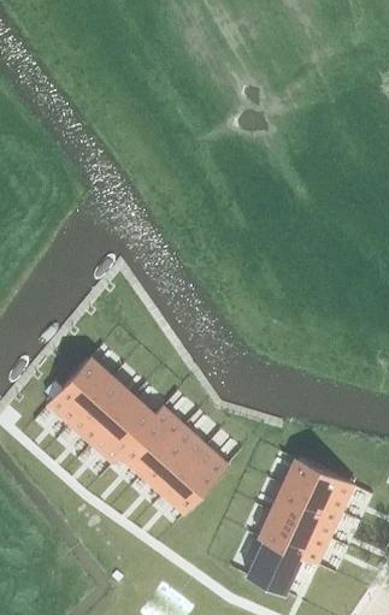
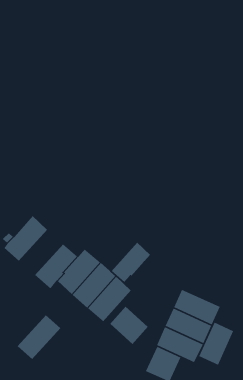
building: [67,379,130,443] -> [17,315,61,360]
building: none -> [111,242,151,283]
building: none -> [110,306,148,345]
building: none -> [198,322,234,366]

